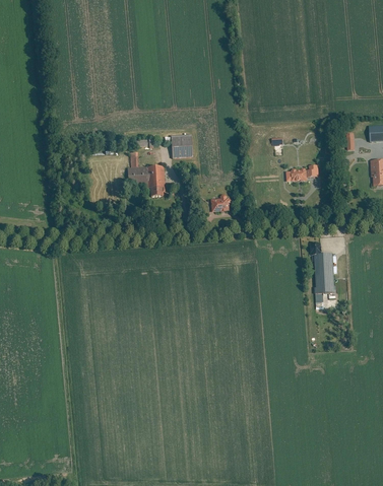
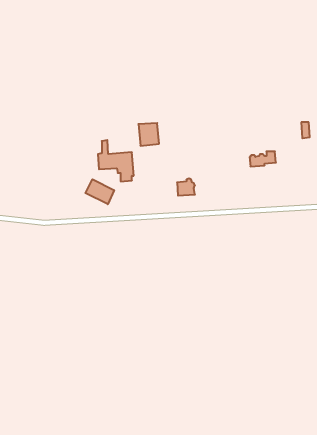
building: none -> [85,179,114,204]
building: [315,254,337,294] -> none

